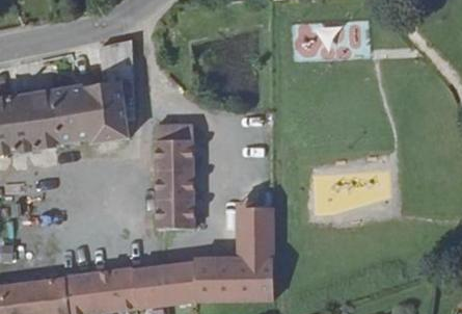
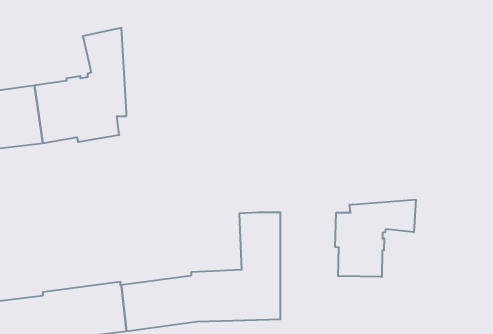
building: [157,124,194,228] -> none
building: none -> [335,200,416,277]

